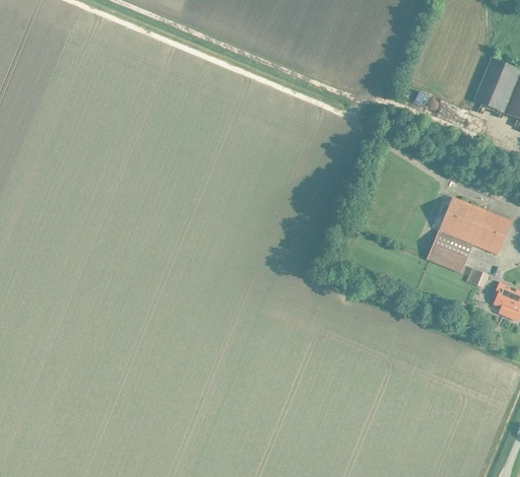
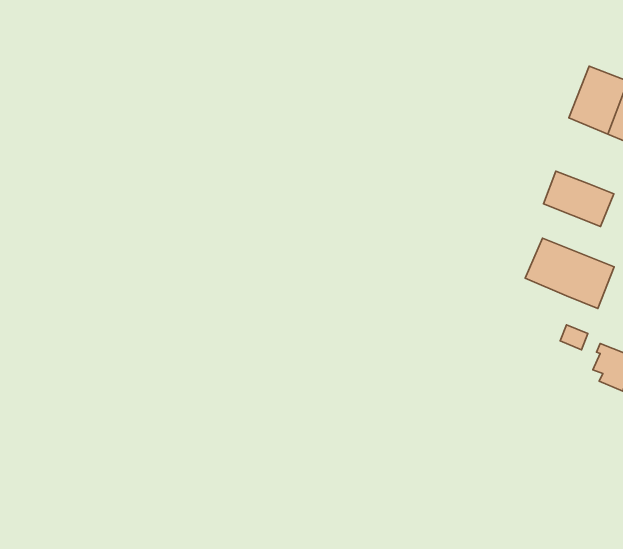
building: none -> [544,171,614,227]
building: [428,229,472,273] -> none

